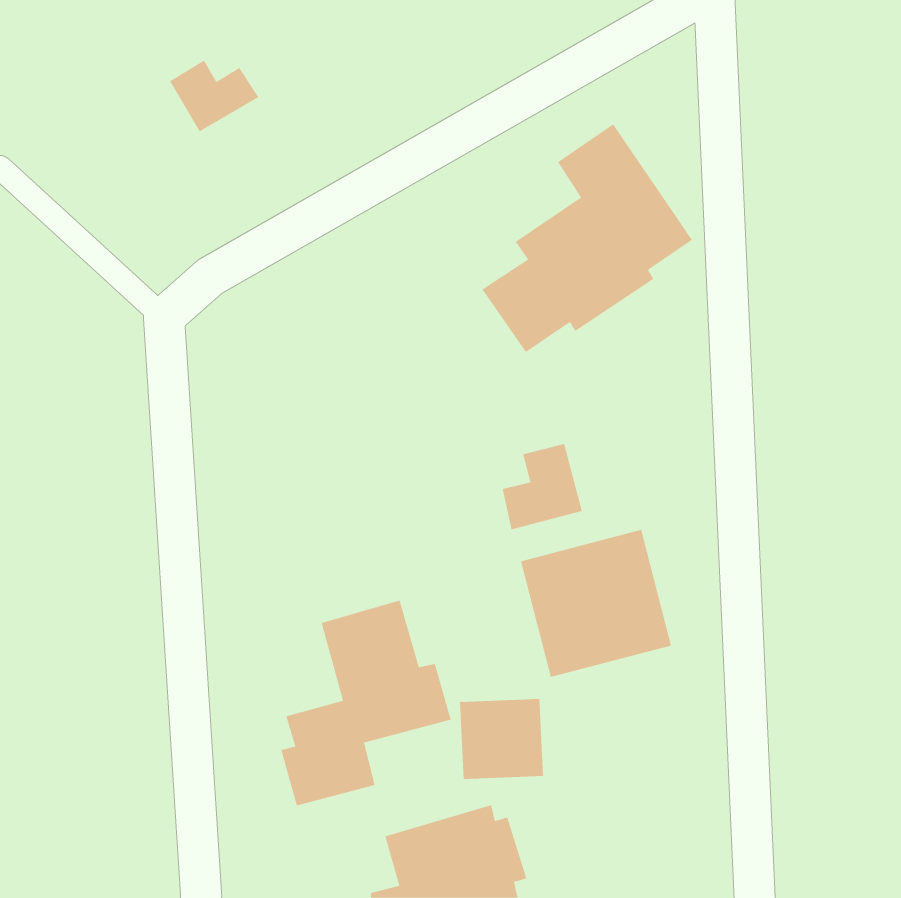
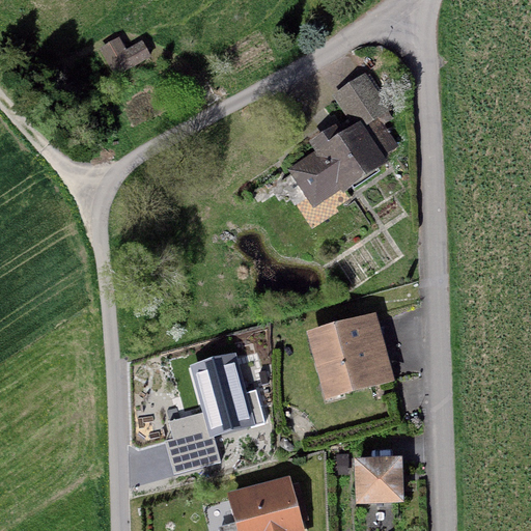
building: [502,443,583,530] -> none
building: [459,698,544,780] -> [347,457,397,505]

